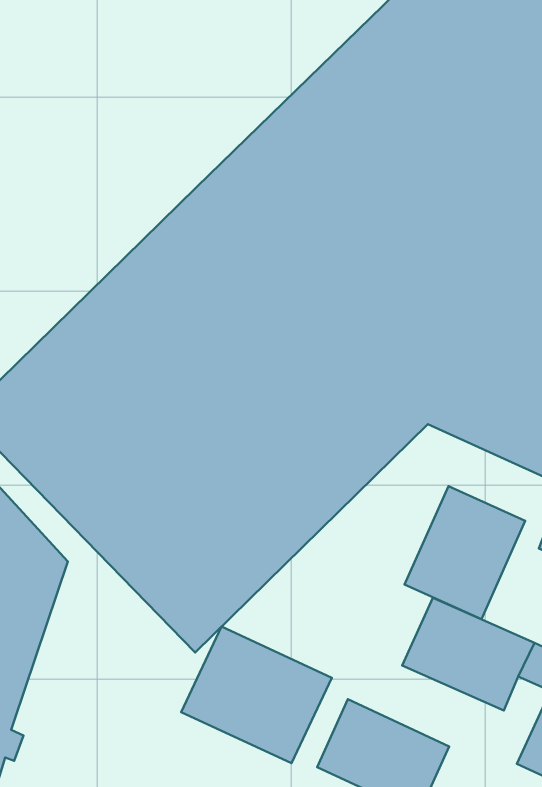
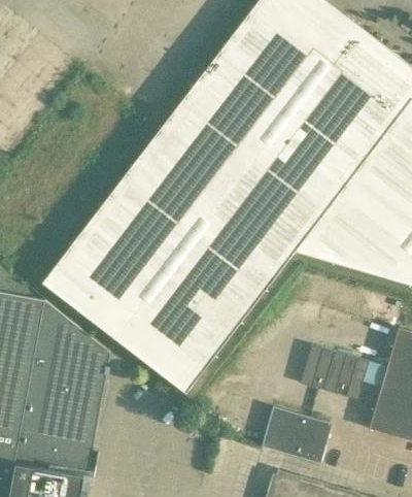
building: [405,486,525,619] -> none
building: [181,627,332,763] -> none

